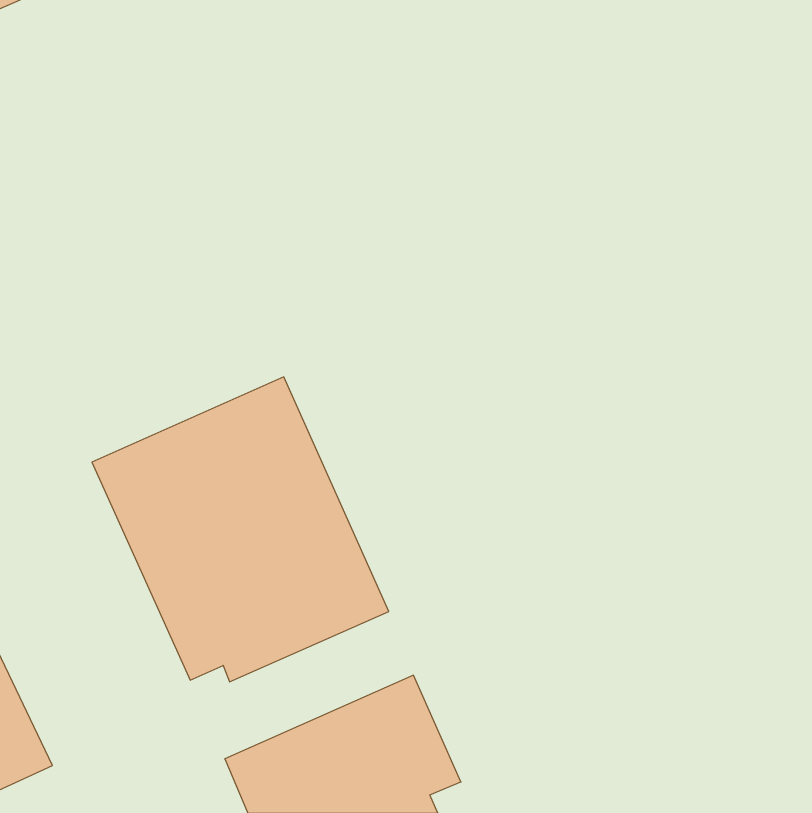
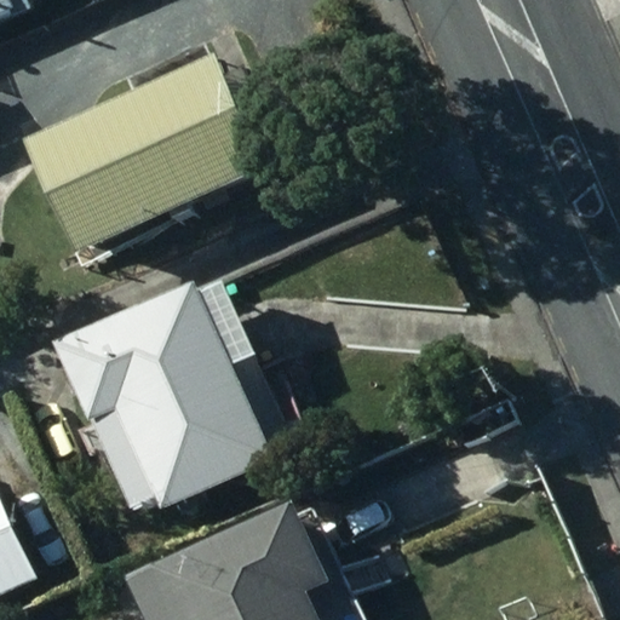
building: none -> [41,50,283,248]

